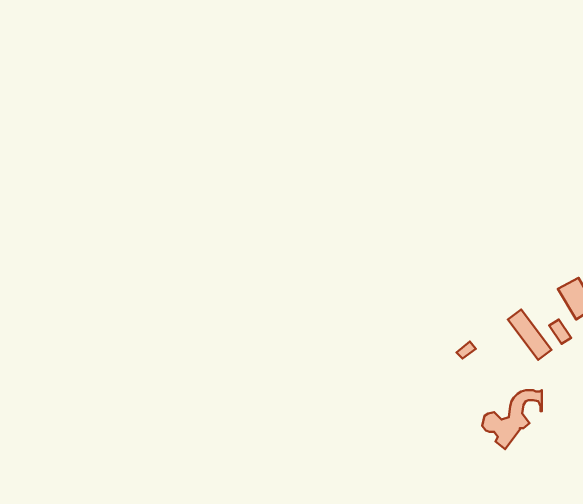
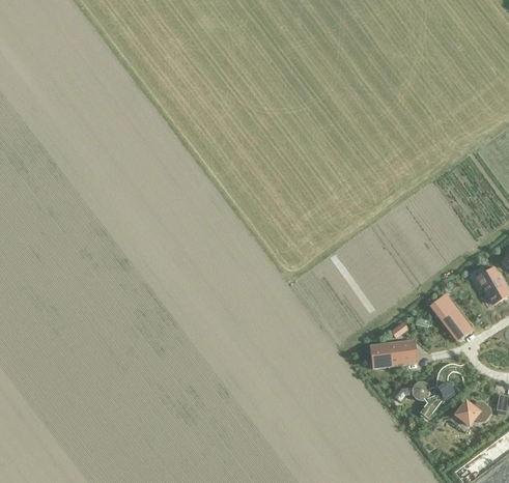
building: none -> [373,342,412,366]
building: none -> [453,402,488,426]

